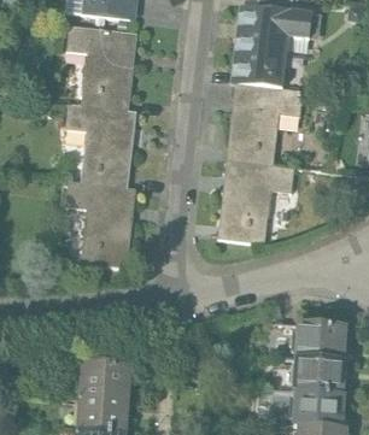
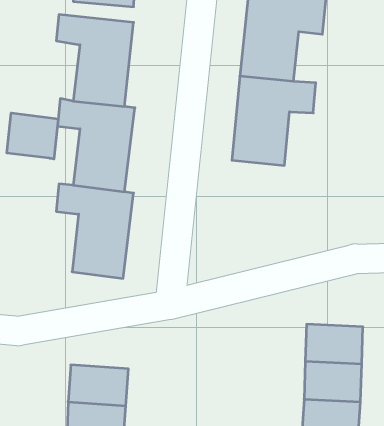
building: none -> [7,113,58,159]
building: [219,165,295,249] -> none

